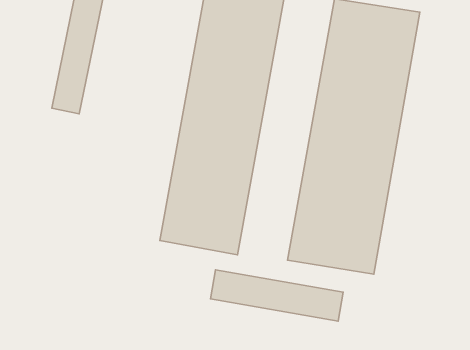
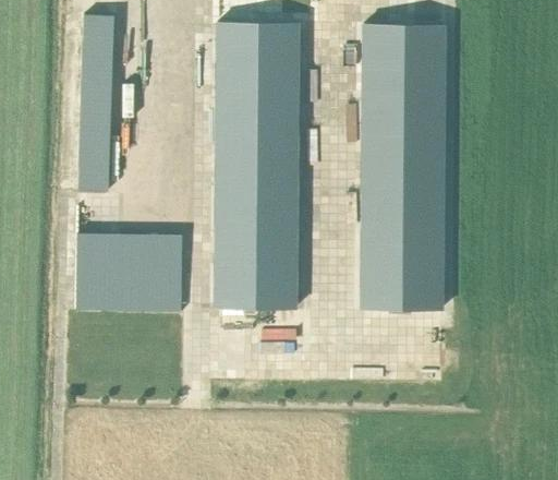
building: none -> [86,233,192,312]
building: [211,270,343,321] -> none

